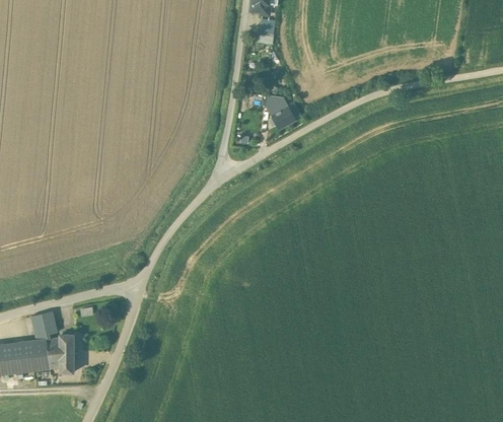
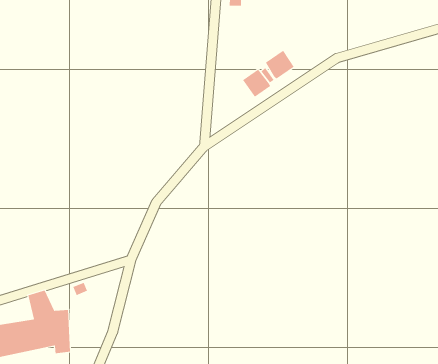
building: none -> [265,50,295,80]

